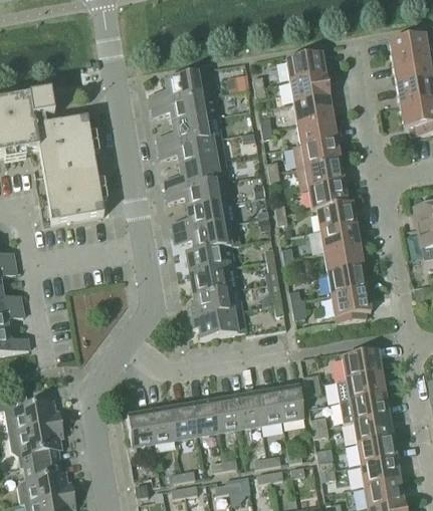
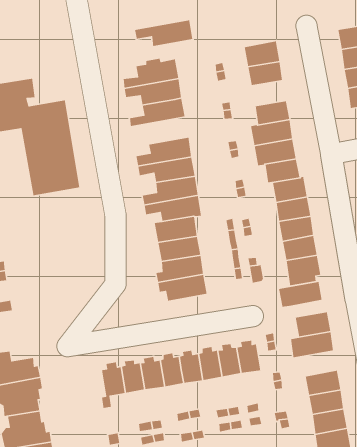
building: [293,96,333,124] -> none
building: [160,137,225,167] -> [134,19,193,47]
building: [340,395,389,424] -> [278,281,323,308]

